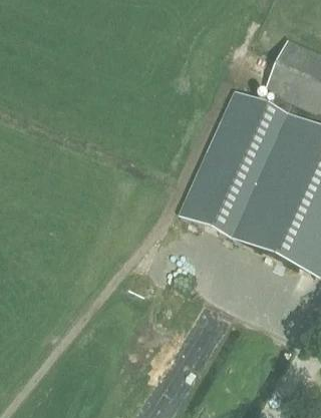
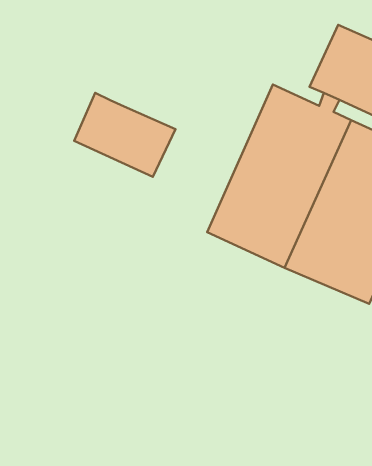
building: none -> [74,93,176,177]

